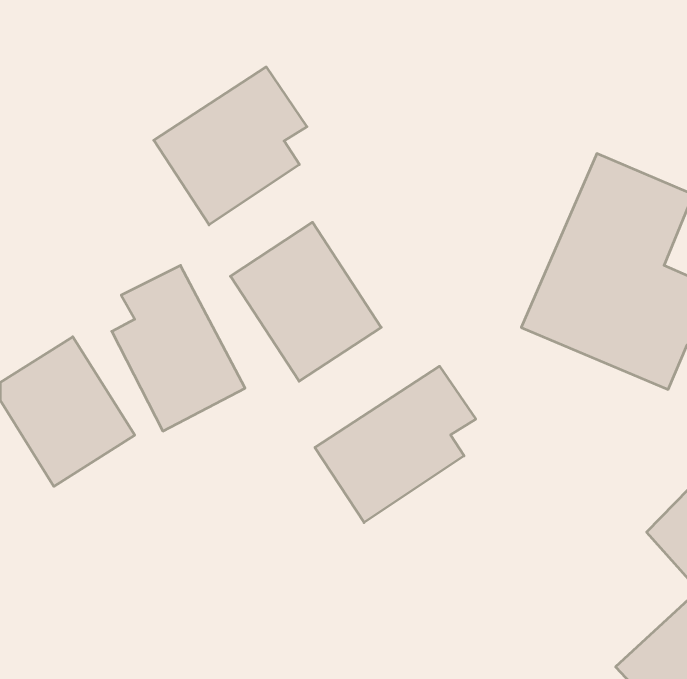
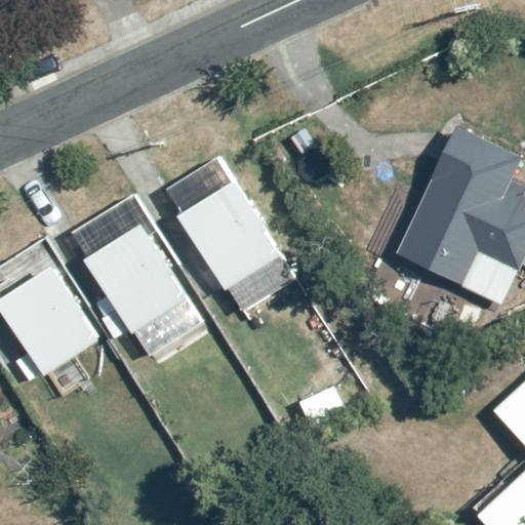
building: [154,67,307,225] -> none
building: [315,366,476,523] -> none

